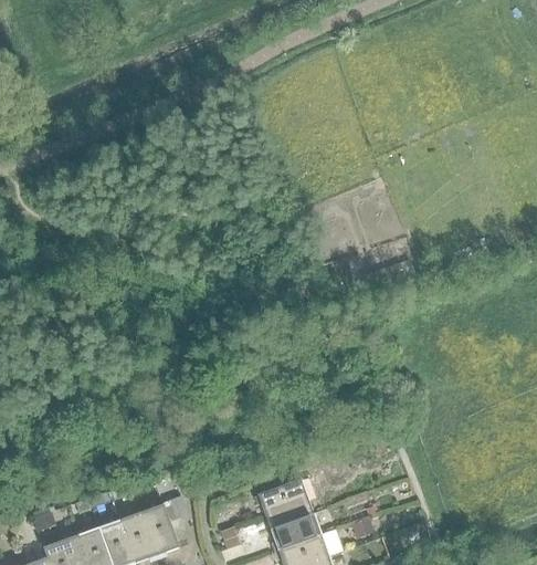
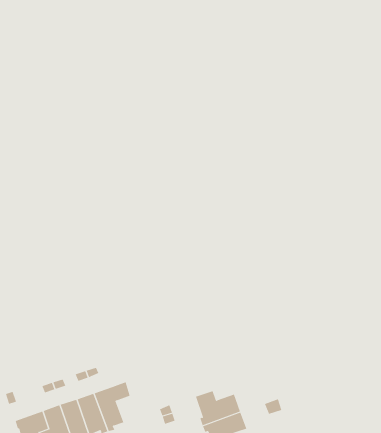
building: [255,480,314,522] -> none

